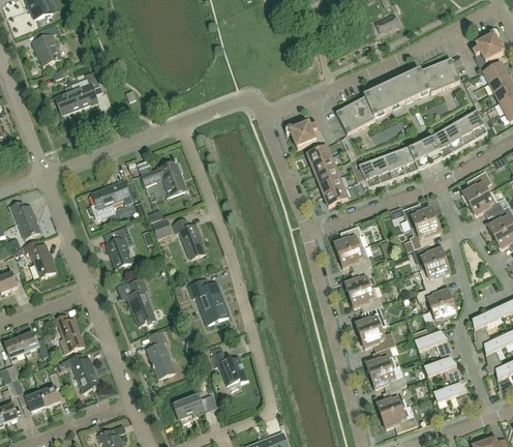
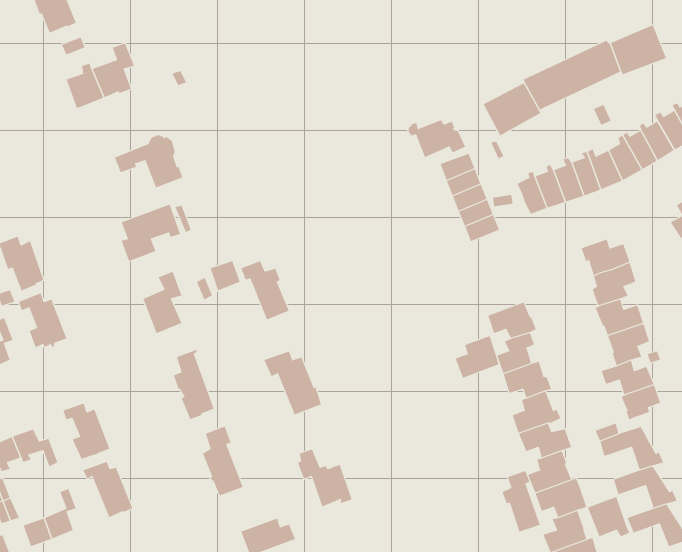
building: [140,158,186,195] -> [114,135,183,188]
building: [333,226,363,255] -> [455,335,499,378]
building: none -> [502,470,540,533]
building: none -> [587,496,630,537]

